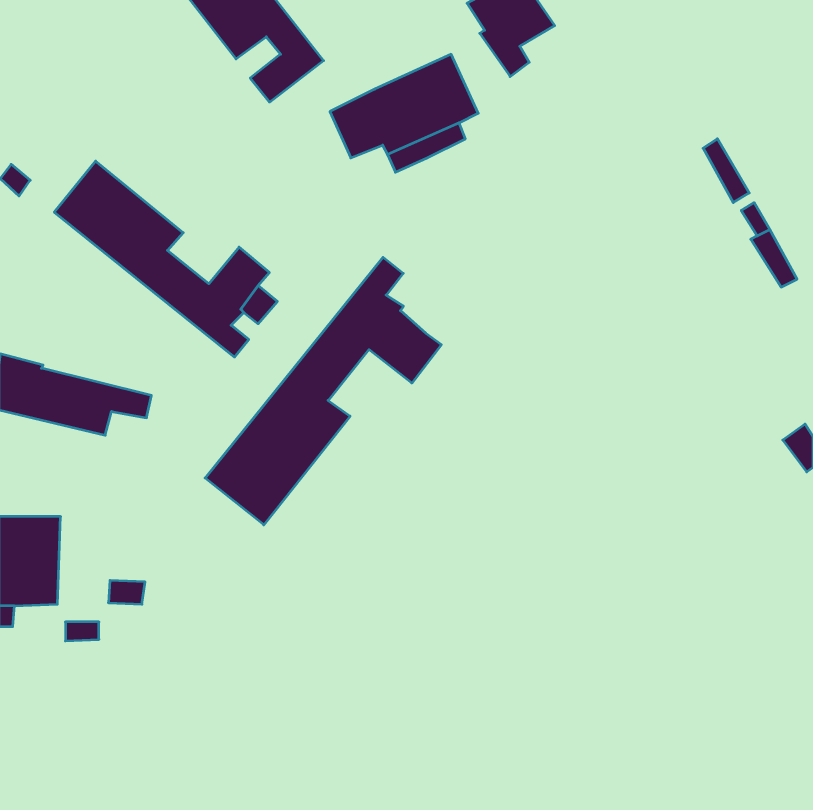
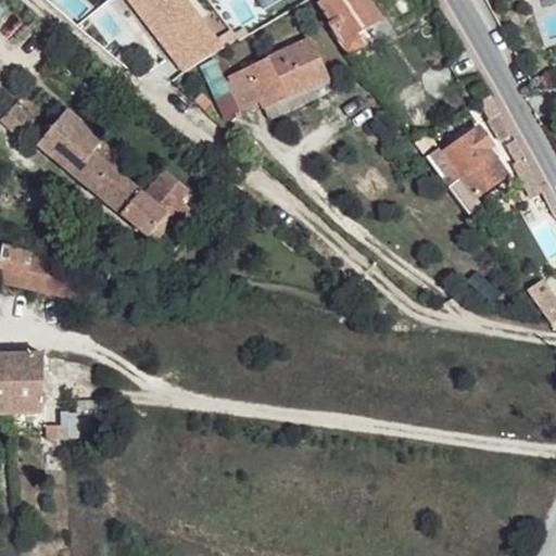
building: none -> [426,126,506,211]
building: [205,257,441,525] -> none

